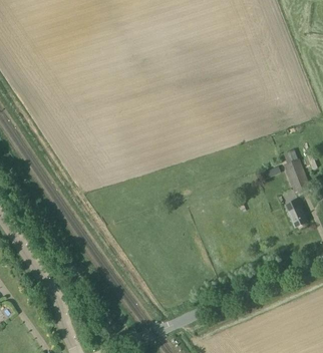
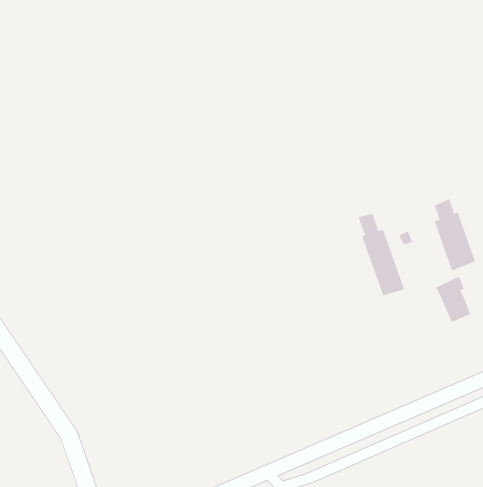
building: none -> [358,213,405,296]

